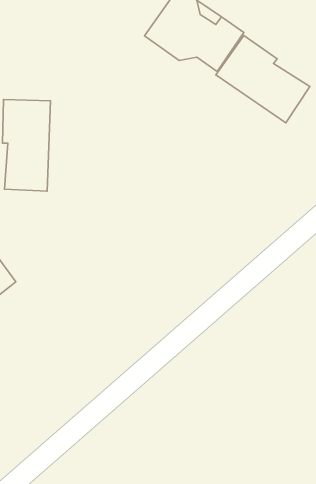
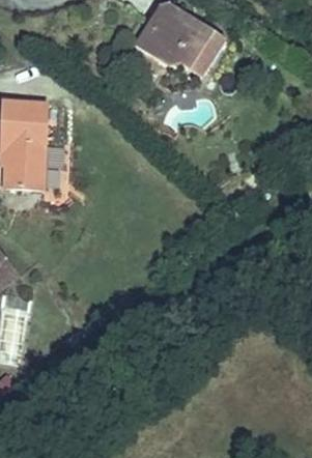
building: [216,35,310,123] -> none

